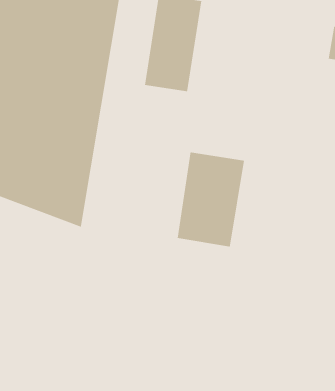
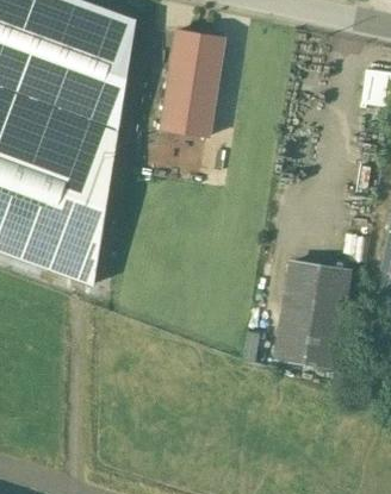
building: [177,152,245,247] -> [275,262,349,365]

